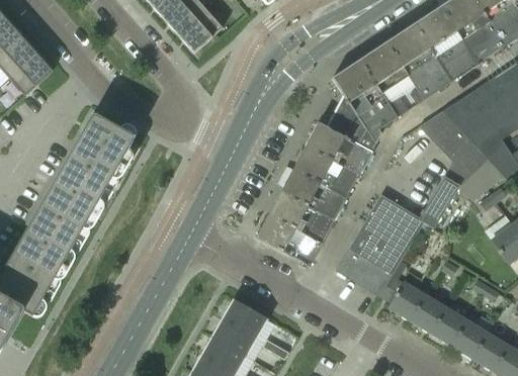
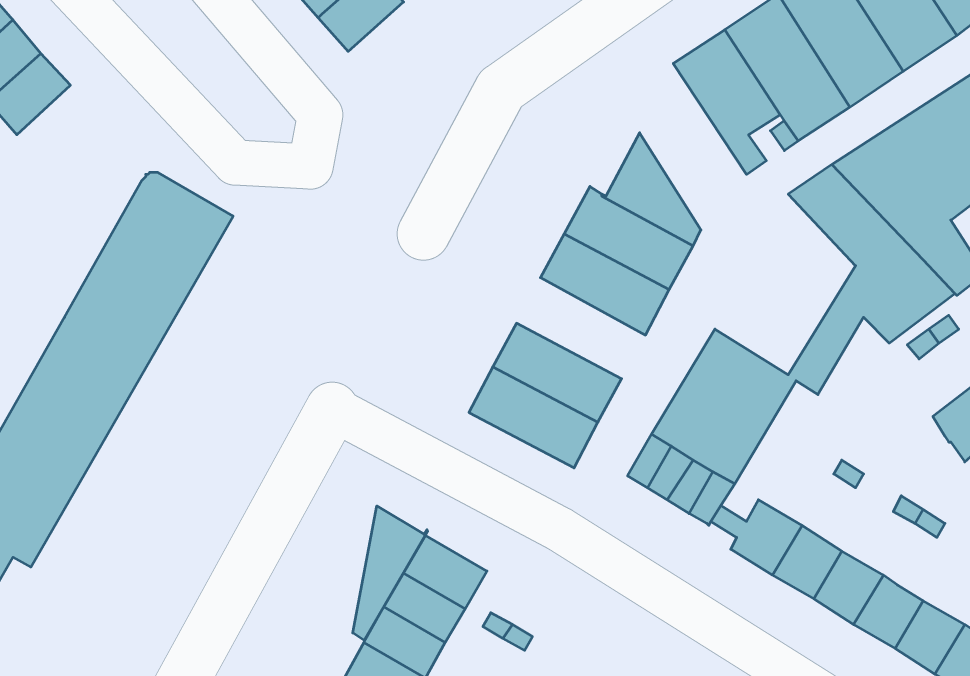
building: [332,60,398,145] -> none
building: [280,169,346,220] -> none
building: none -> [353,506,428,640]

